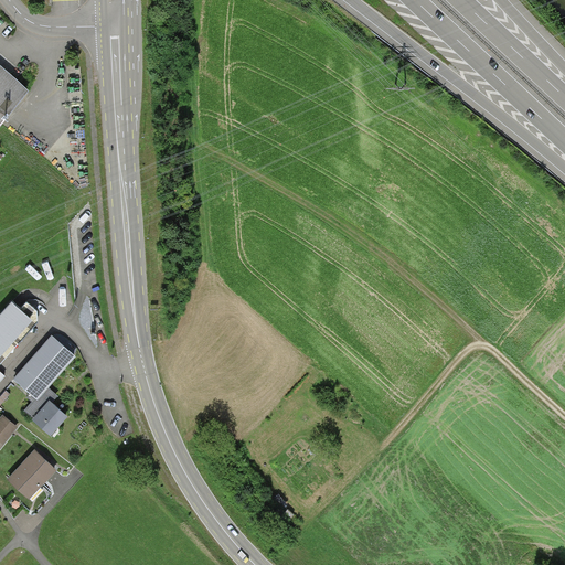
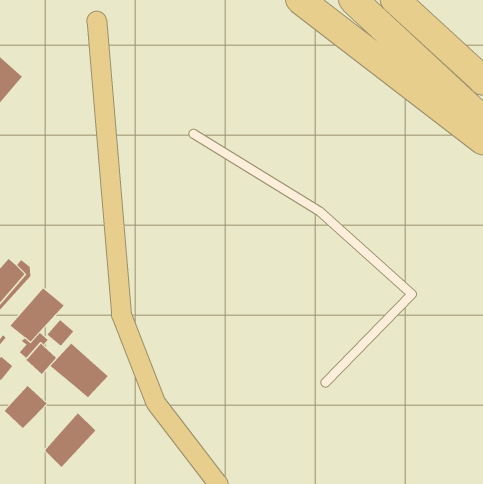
building: none -> [46,319,74,347]
building: none -> [49,343,108,398]
building: none -> [44,412,96,468]

